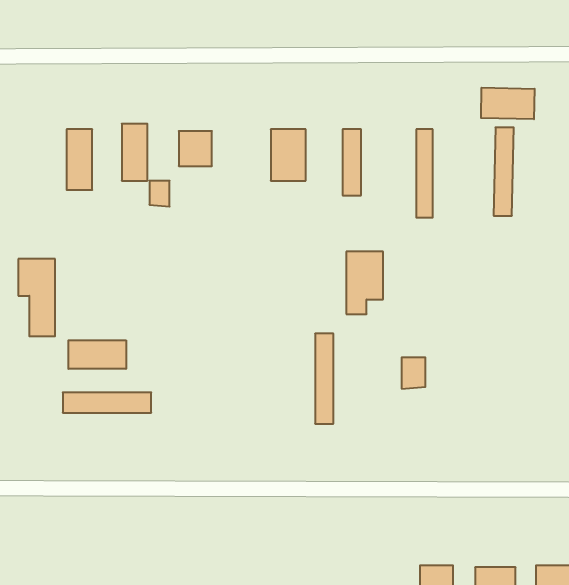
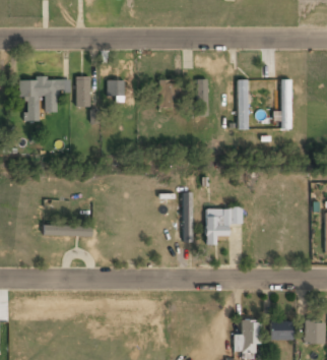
building: [481,88,535,119] -> none
building: [346,252,383,314] -> [206,209,226,244]
building: [18,259,55,336] -> [19,79,40,122]
building: [68,340,126,369] -> none

